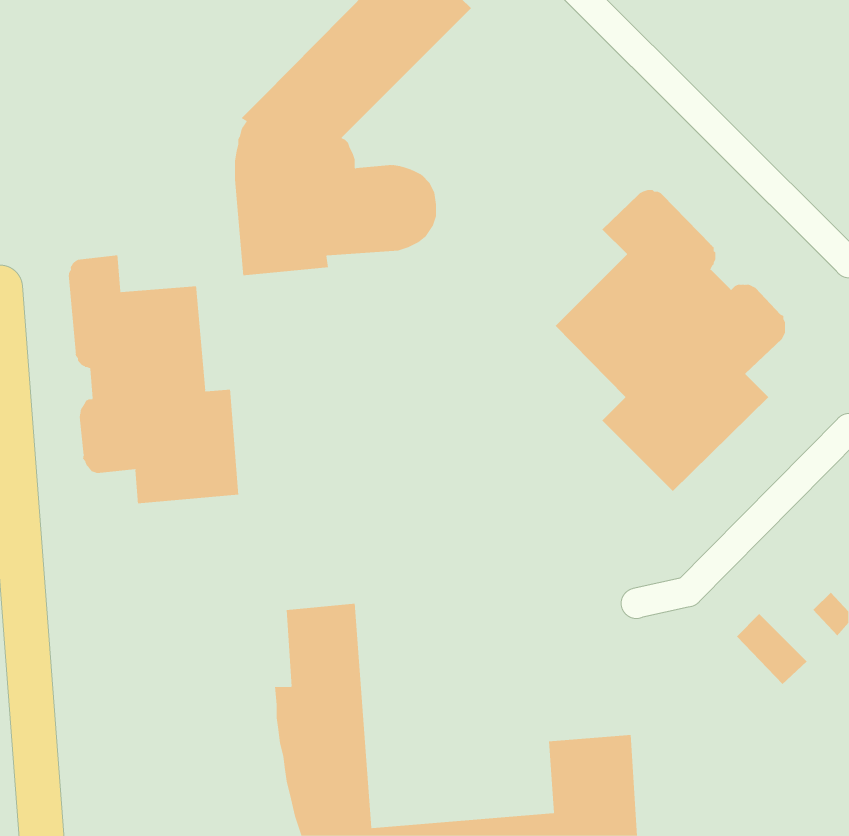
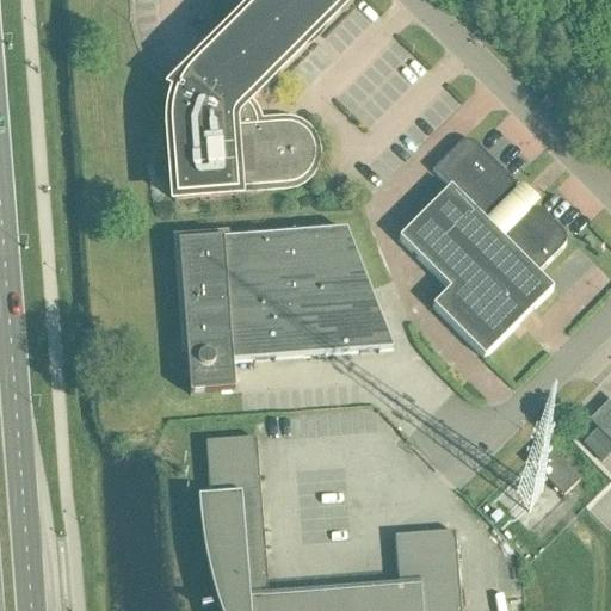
building: [68,255,239,504] -> none
building: none -> [178,227,393,390]

